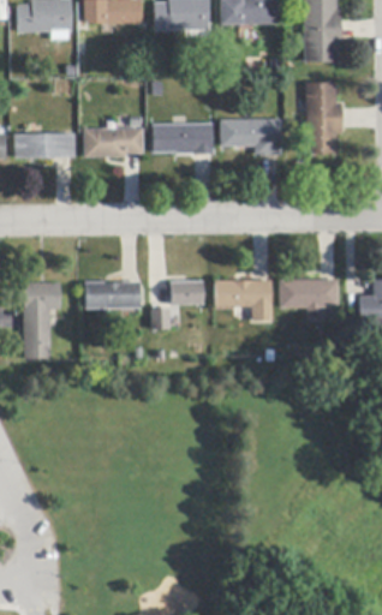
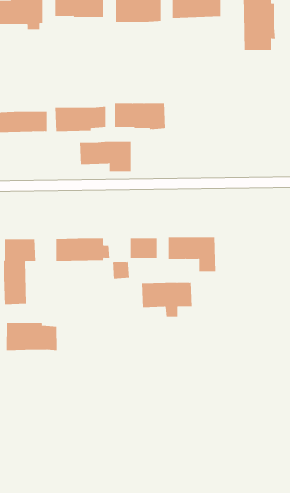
building: [306,83,341,154] -> none
building: [220,119,281,155] -> [79,141,132,172]
building: [279,279,339,320] -> [141,282,193,317]
building: none -> [6,322,57,351]

